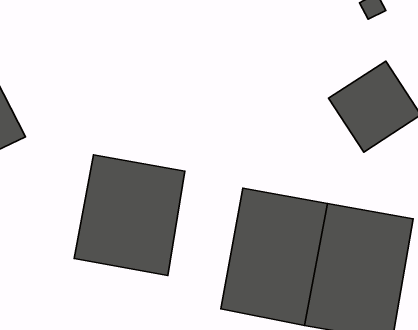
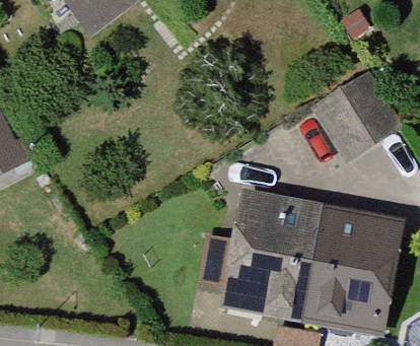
building: [74,155,185,276] -> none

